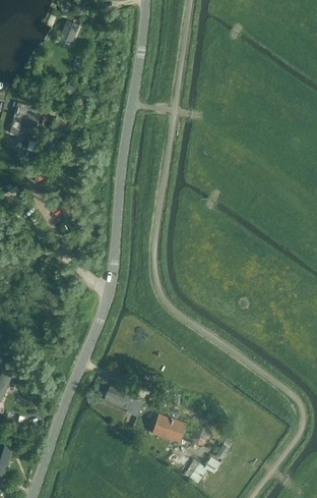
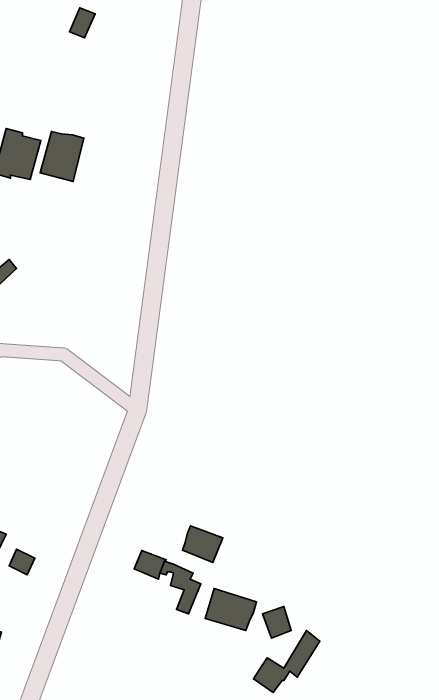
building: none -> [40,131,84,182]
building: none -> [182,526,223,562]

